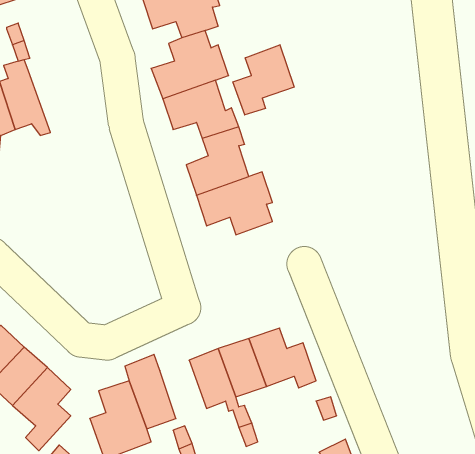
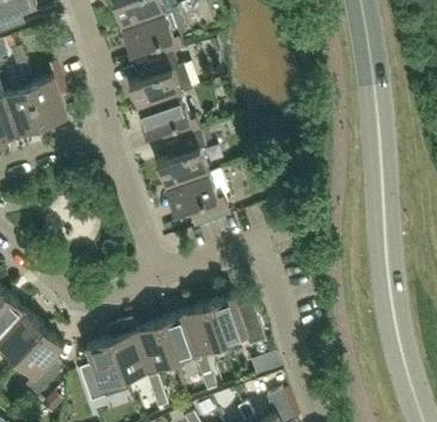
building: [233,45,294,115] -> none
building: none -> [27,76,67,136]
building: none -> [135,322,173,370]

